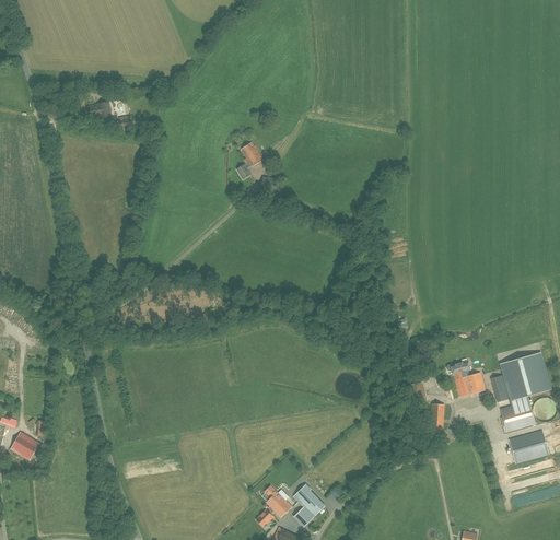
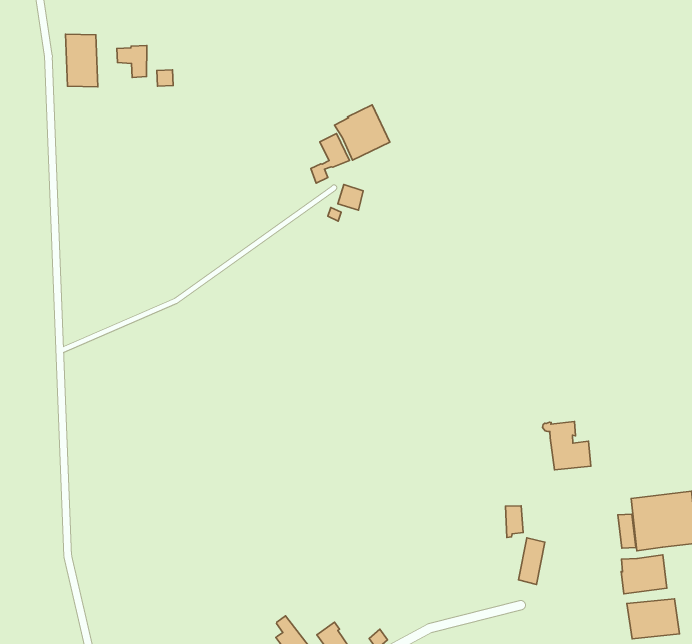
building: none -> [65,34,98,87]
building: none -> [335,105,390,160]
building: [446,360,485,396] -> [543,422,591,470]

